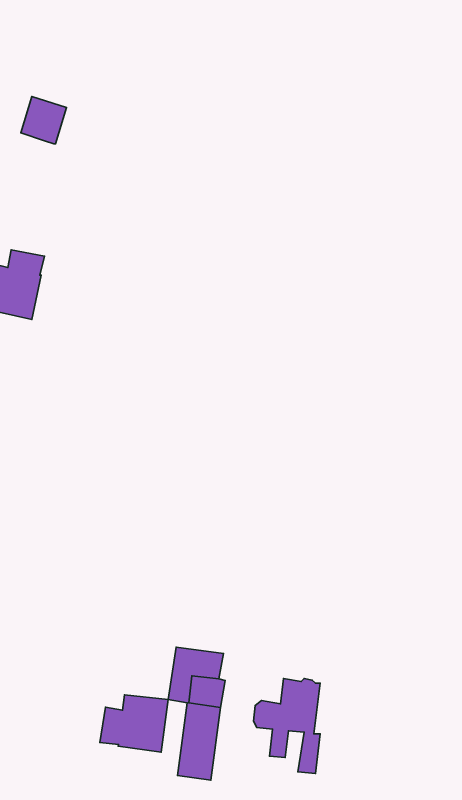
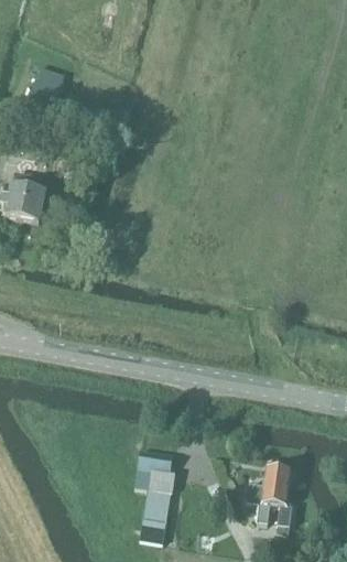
building: [254,678,320,773] -> [245,469,291,536]
building: [100,695,168,752] -> none

